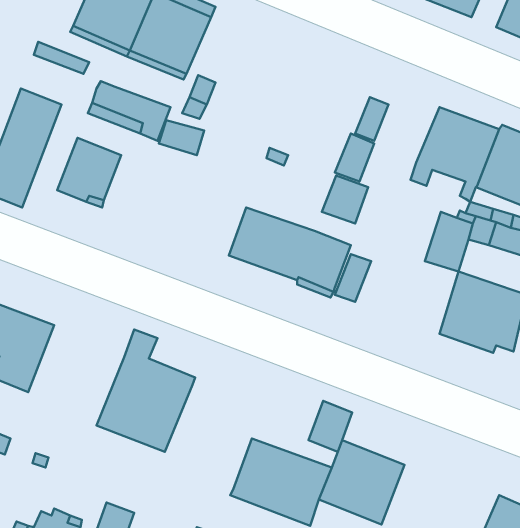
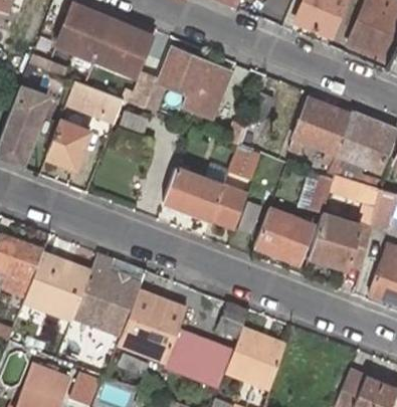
building: none -> [159,48,231,119]
building: none -> [254,209,313,263]
building: none -> [24,254,91,320]
building: none -> [118,291,186,364]

